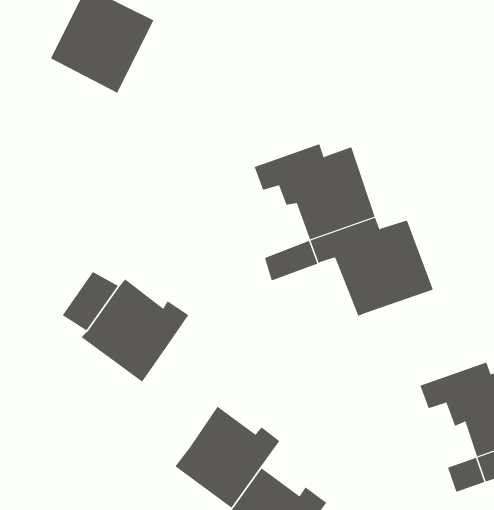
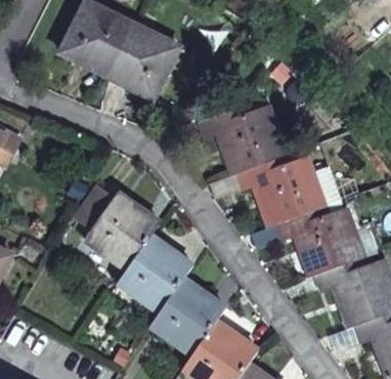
building: none -> [106,17,179,92]
building: none -> [279,206,364,272]
building: none -> [114,243,190,315]

